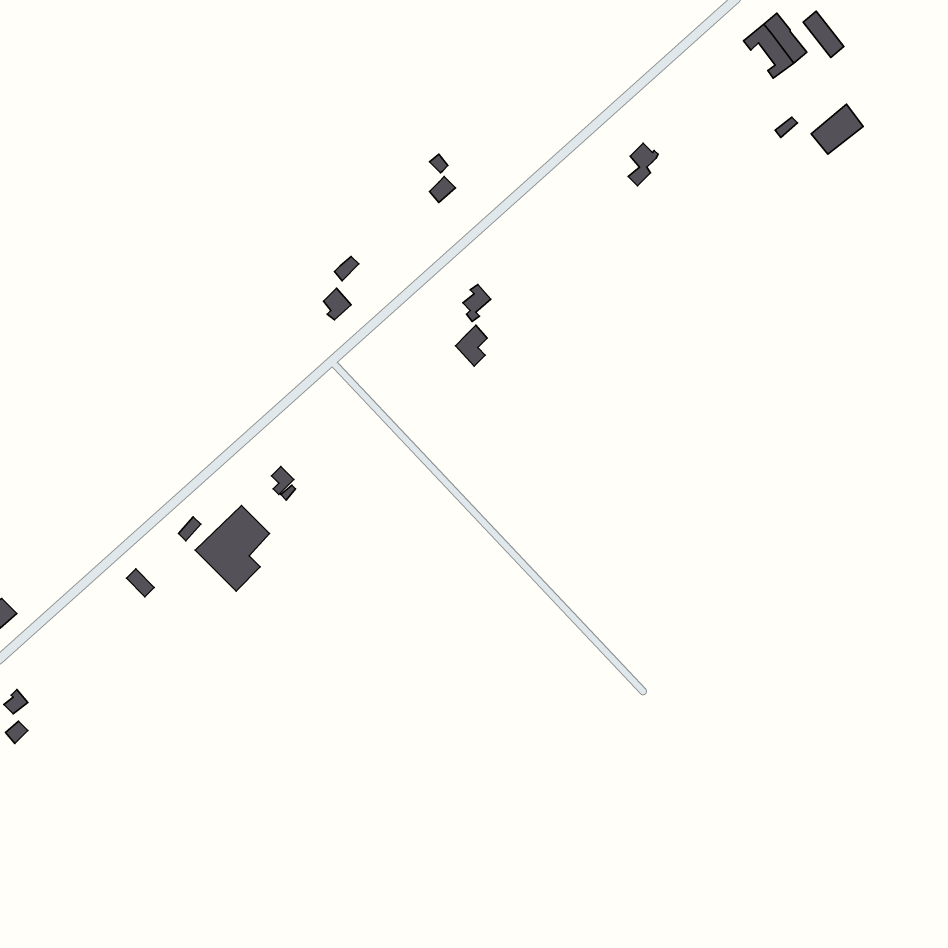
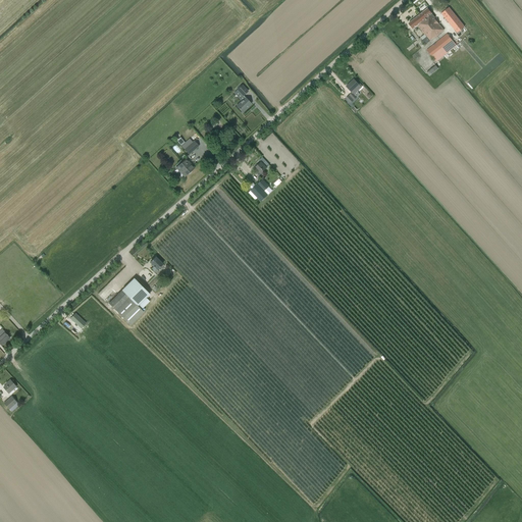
building: [811,104,863,154] -> [426,33,455,60]

